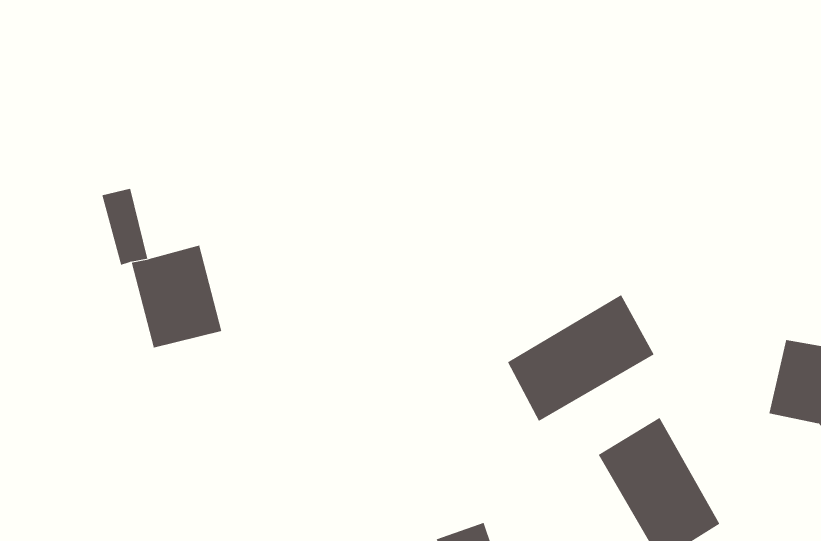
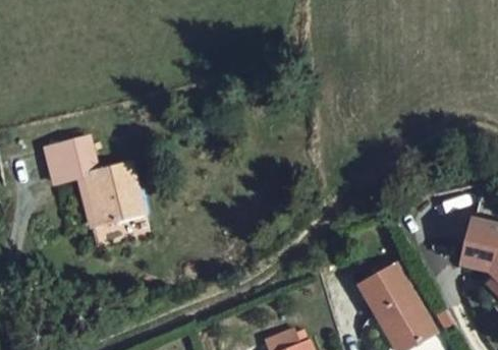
building: none -> [43,136,79,184]
building: [507,294,654,422] -> none

